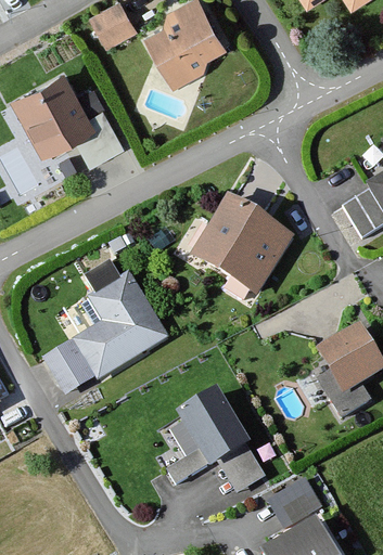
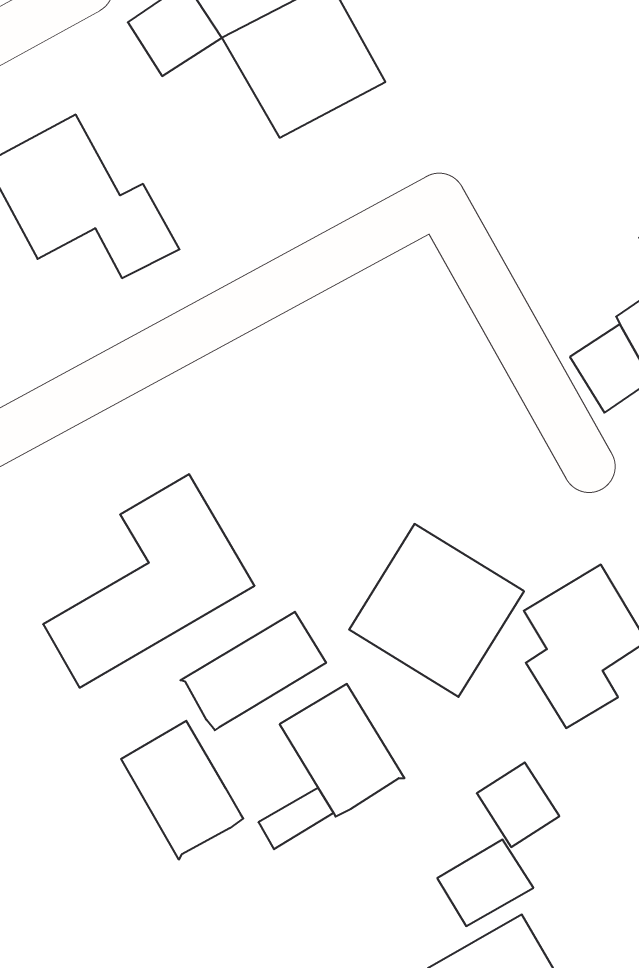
building: [200,196,298,294] -> [349,524,524,697]
building: none -> [180,612,326,730]
building: none -> [121,721,243,860]
building: [217,444,264,492] -> [477,762,559,847]

